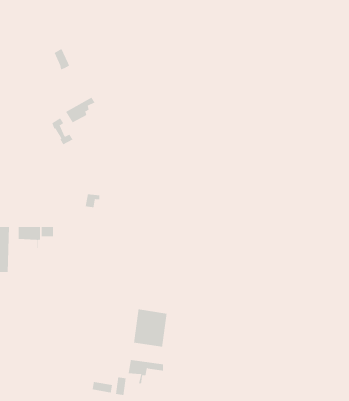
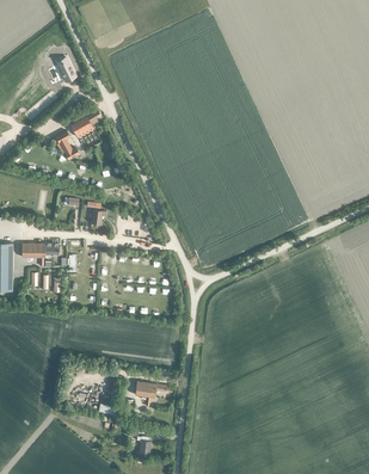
building: [133,309,167,347] -> none

